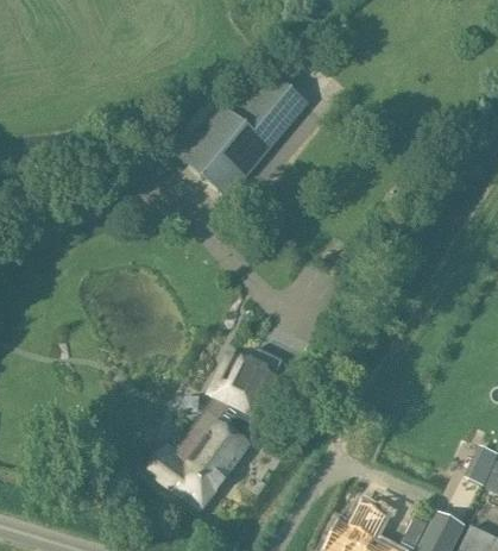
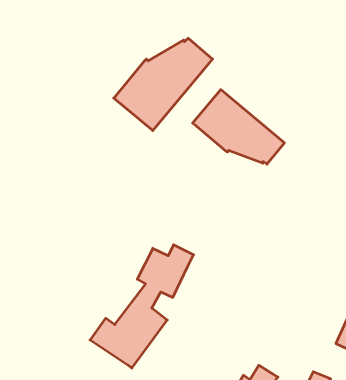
building: none -> [193,90,284,164]

